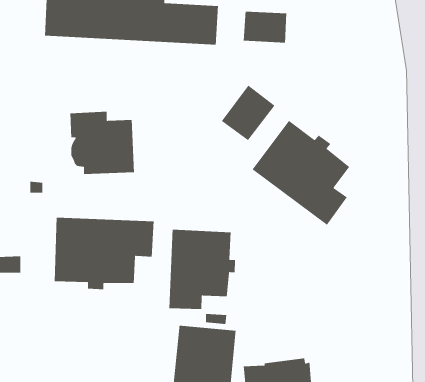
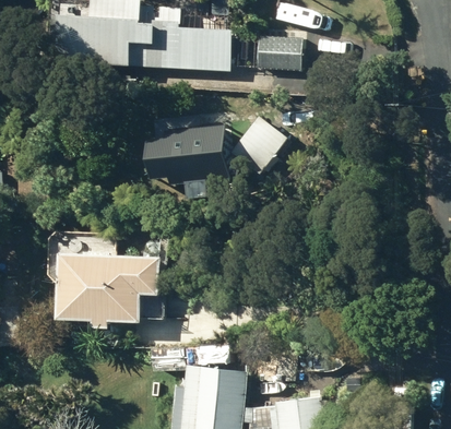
building: [70,111,135,175] -> [154,114,222,180]
building: [251,120,350,226] -> none
building: [168,229,236,310] -> none

